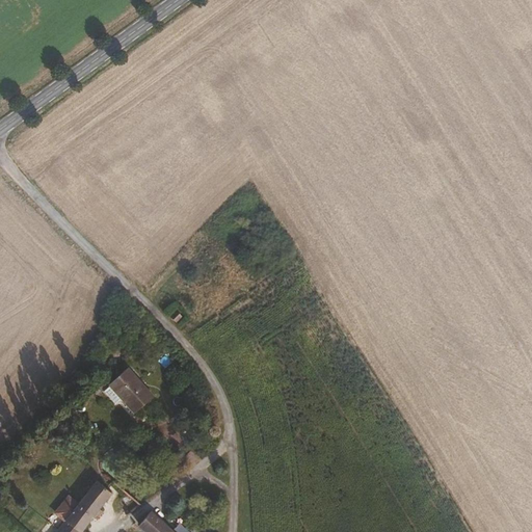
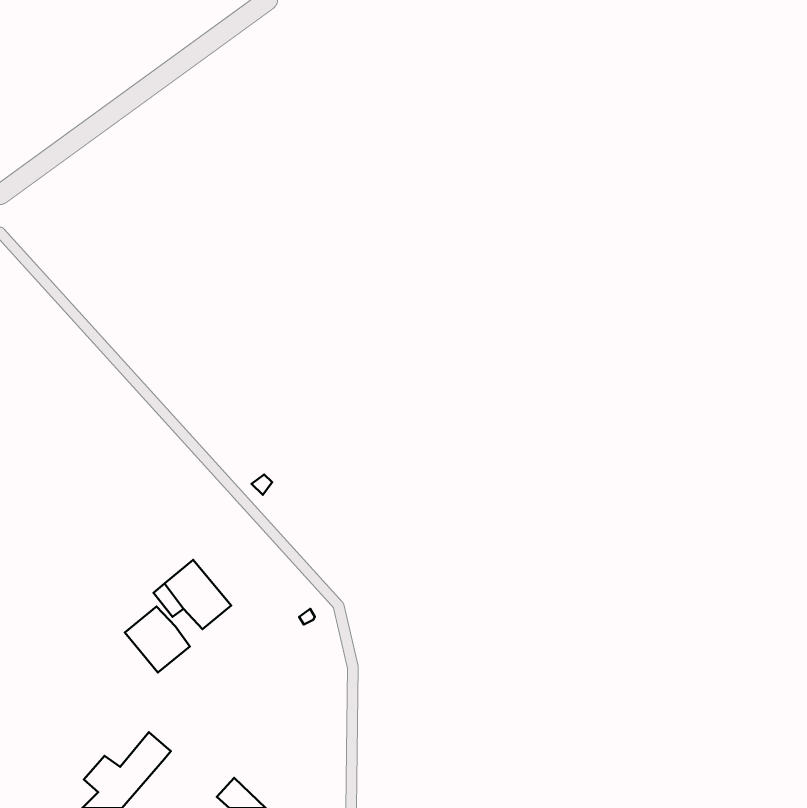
building: none -> [125,607,190,672]

